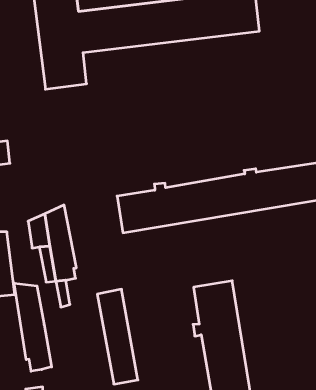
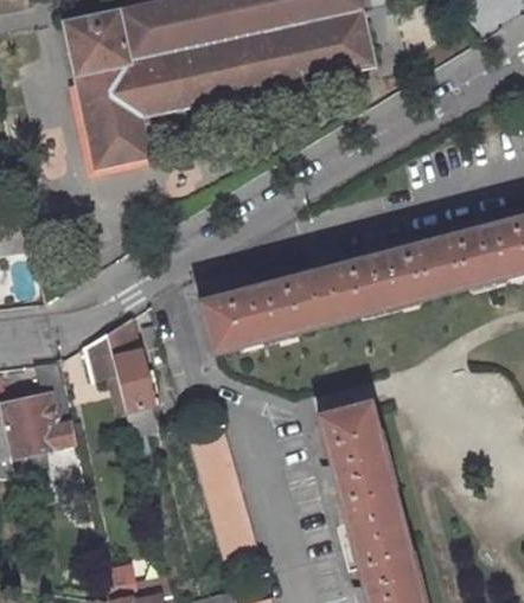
building: [14,283,52,371] -> none

